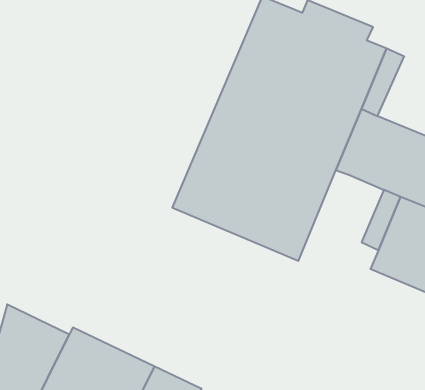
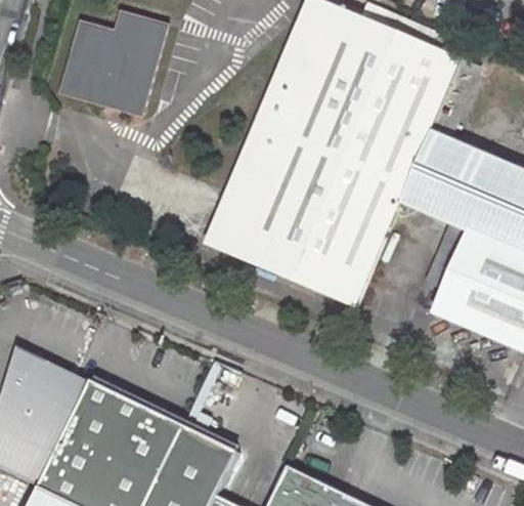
building: none -> [59,11,165,113]

